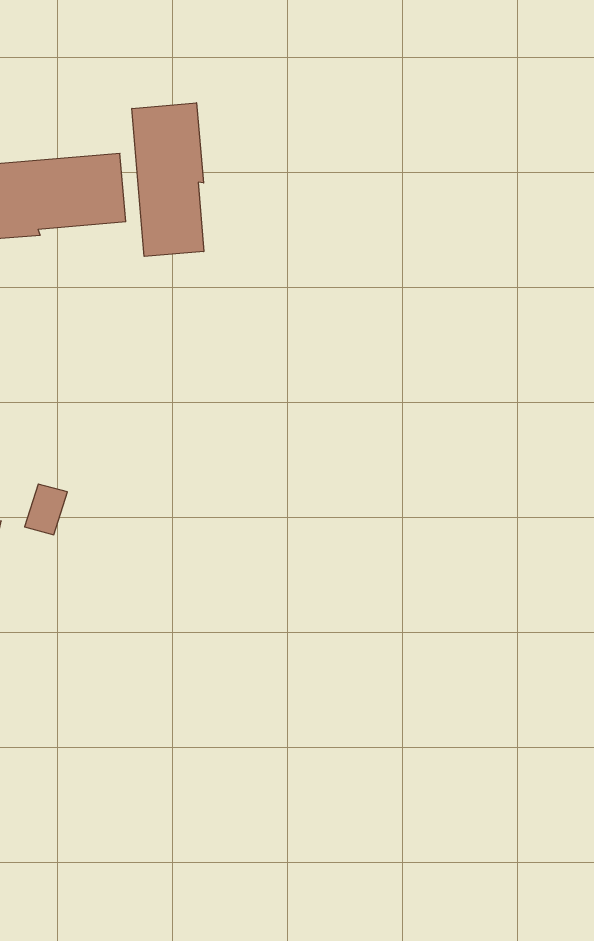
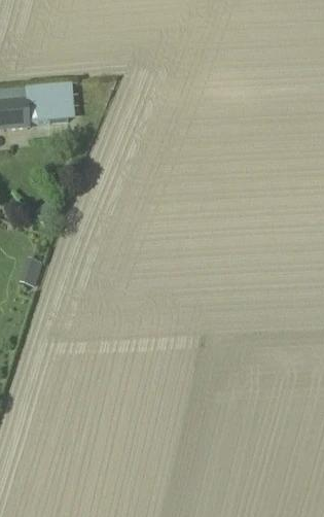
building: [132,103,204,256] -> none

